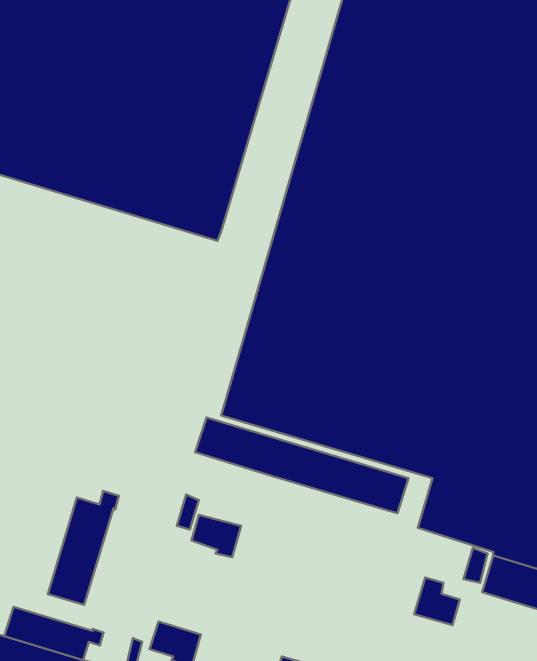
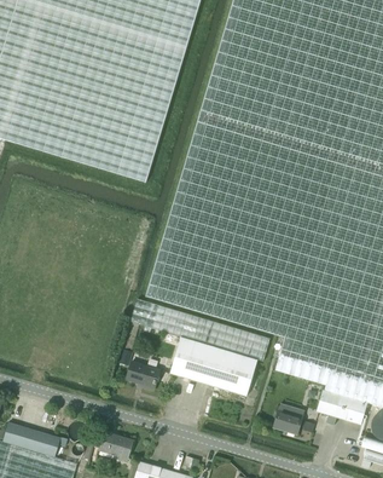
building: none -> [169,335,257,395]
building: [48,491,119,605] -> none

